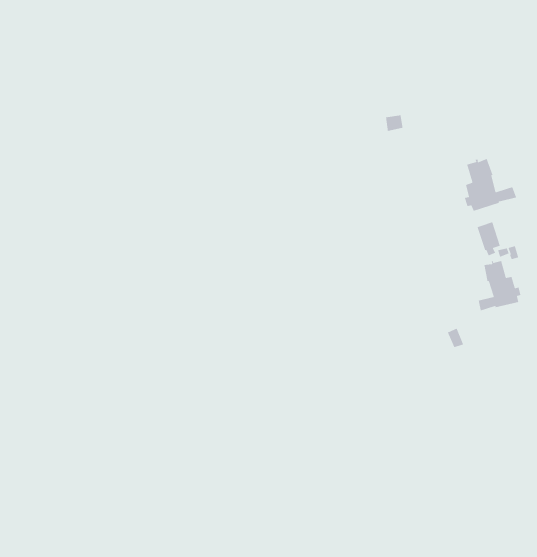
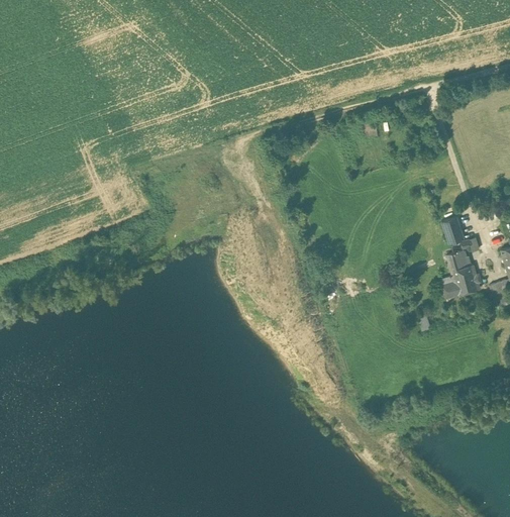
building: [464,158,517,212] -> none

